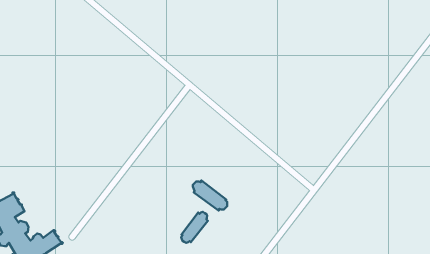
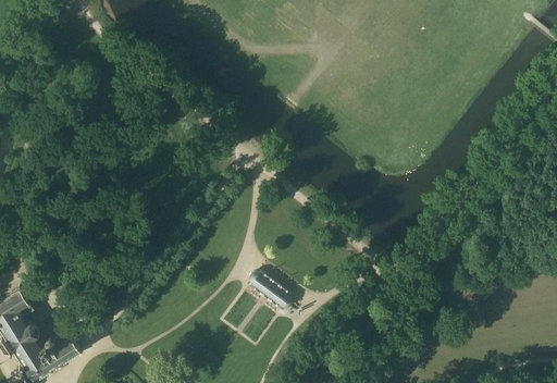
building: [181,212,208,243] -> none

